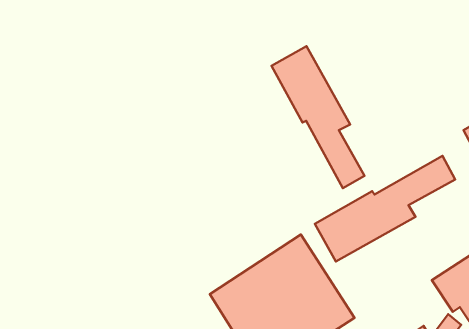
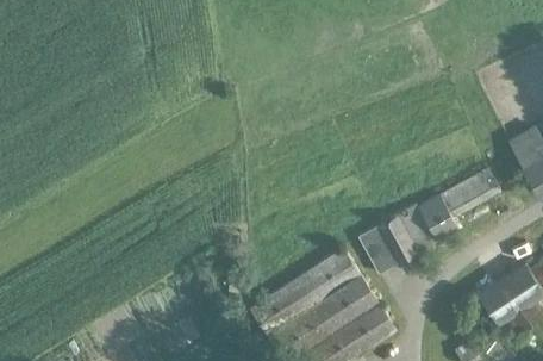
building: [272,46,365,188] -> none

